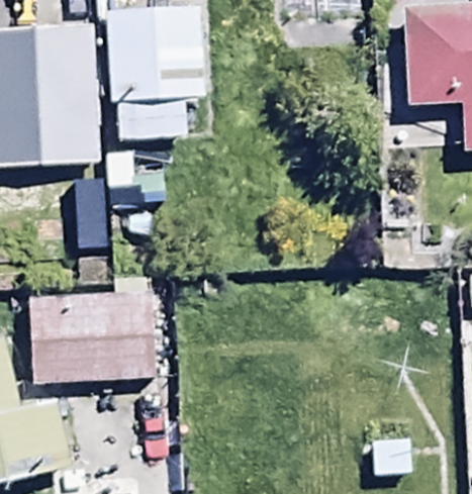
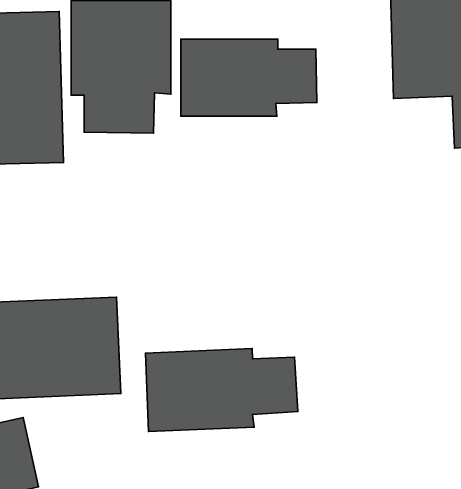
building: none -> [181,39,317,116]
building: none -> [145,349,298,431]

